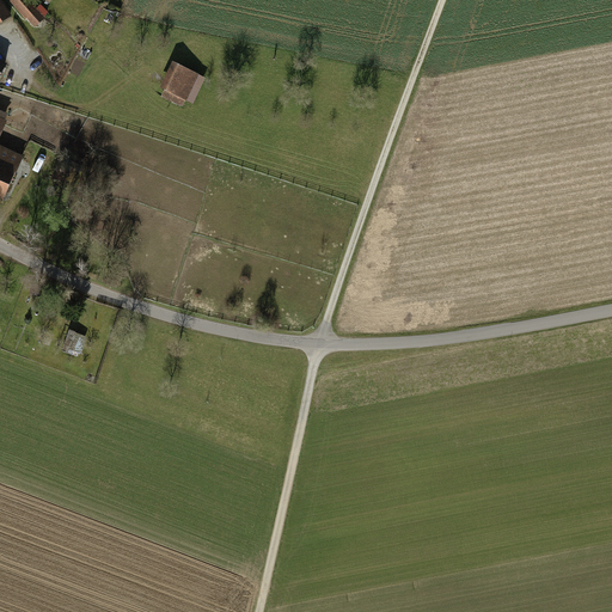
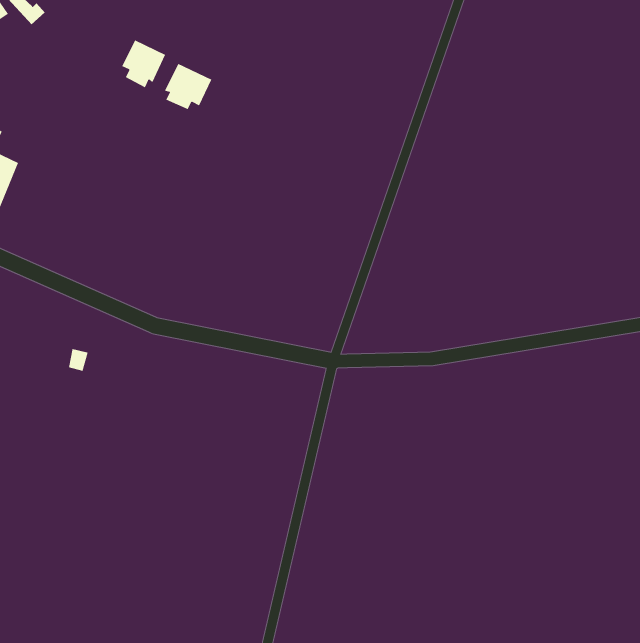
building: none -> [122,39,166,88]

